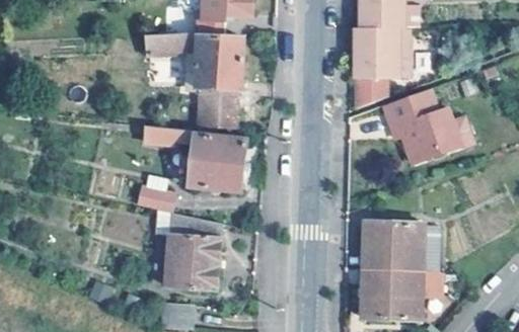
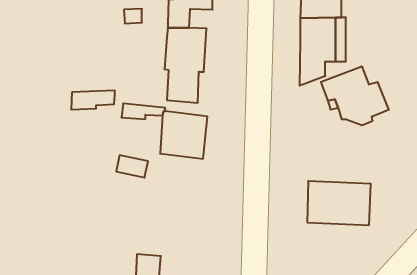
building: [147,33,199,56] -> [71,91,115,109]
building: [164,216,221,290] -> none
building: [361,267,436,318] -> none

